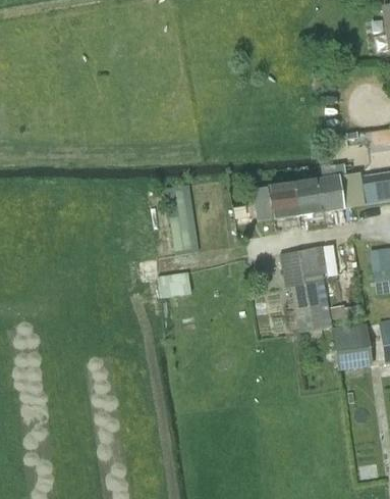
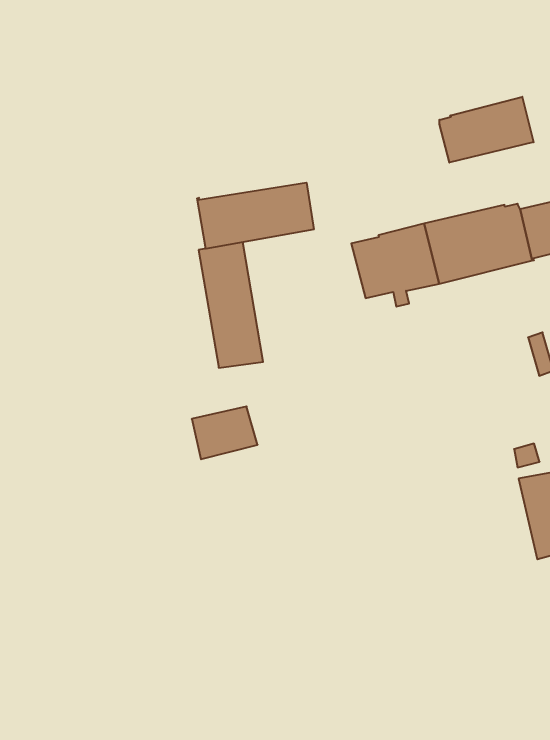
building: none -> [439,97,534,163]
building: none -> [197,183,314,249]
building: [279,246,331,332] -> none

